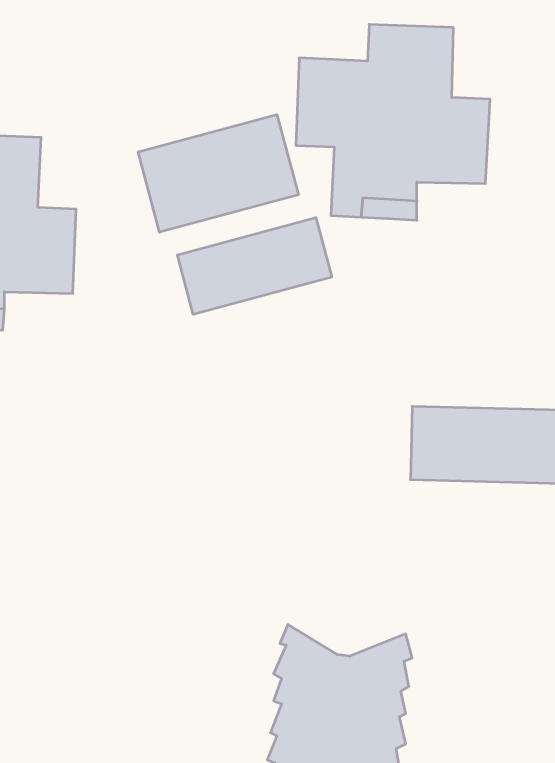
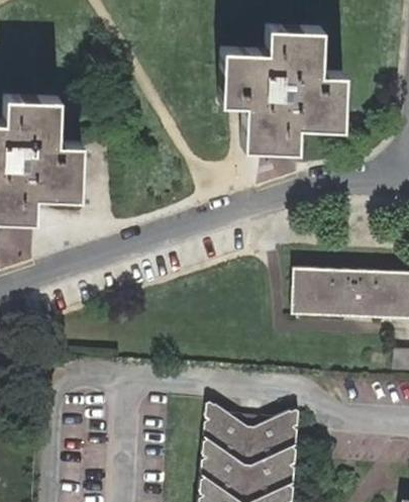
building: [138,115,298,232] -> none
building: [177,218,332,314] -> none

